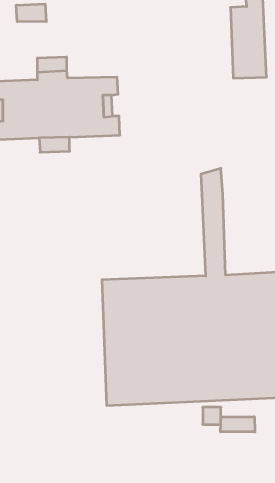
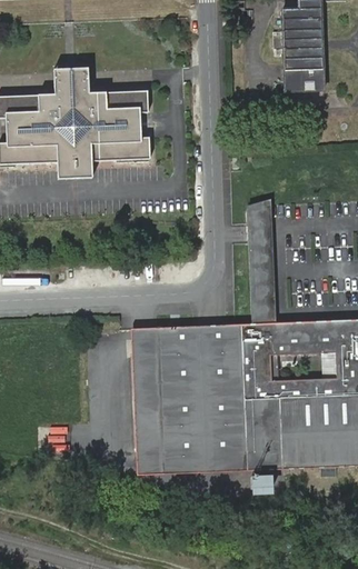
building: [16,4,46,22] -> none
building: [221,417,255,432] -> none

